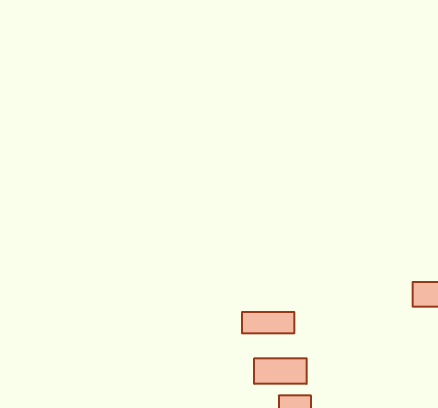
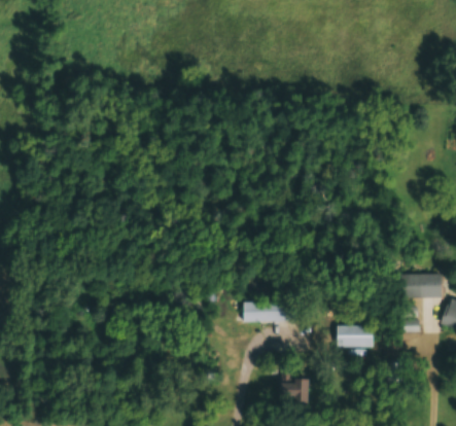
building: none -> [336,325,373,347]
building: [254,358,307,384] -> none

